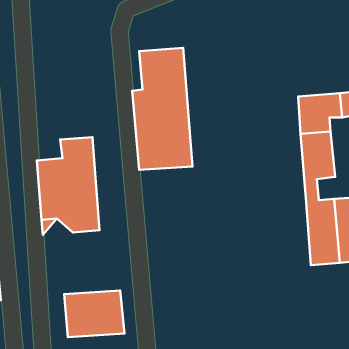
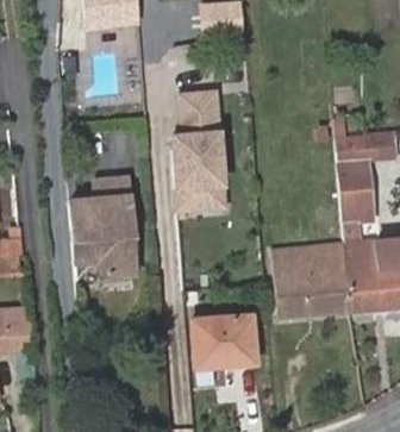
building: none -> [276,245,351,315]
building: [64,291,125,337] -> [193,318,255,365]

